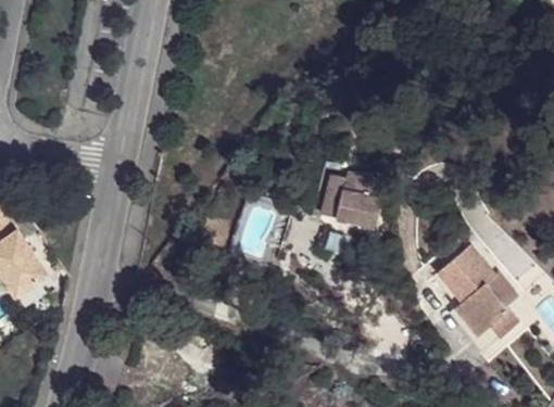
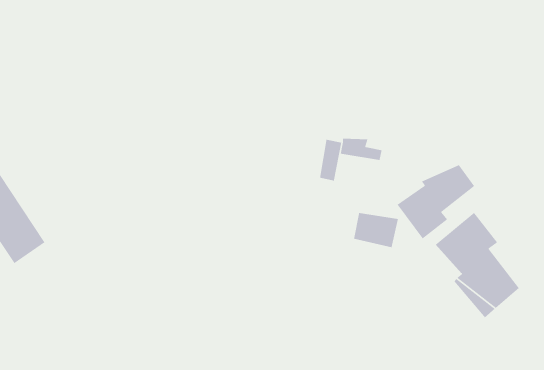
building: [335,189,380,225] -> [353,212,399,248]
building: none -> [396,164,475,240]

